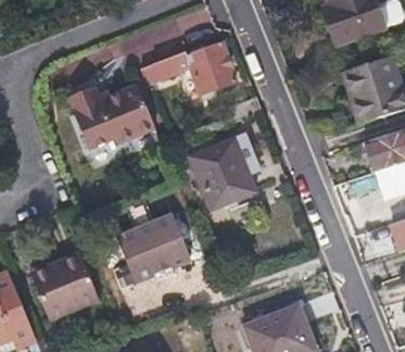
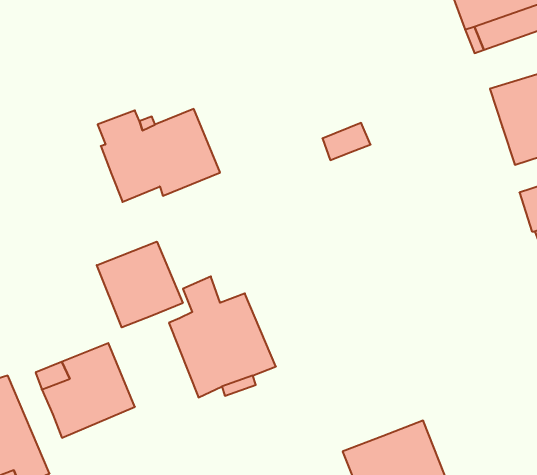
building: [140,40,236,92] -> none
building: [190,134,257,208] -> none
building: none -> [97,242,183,327]

